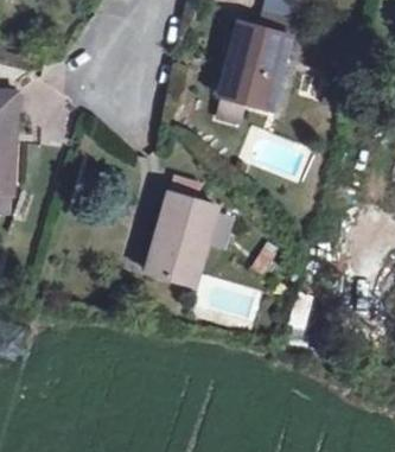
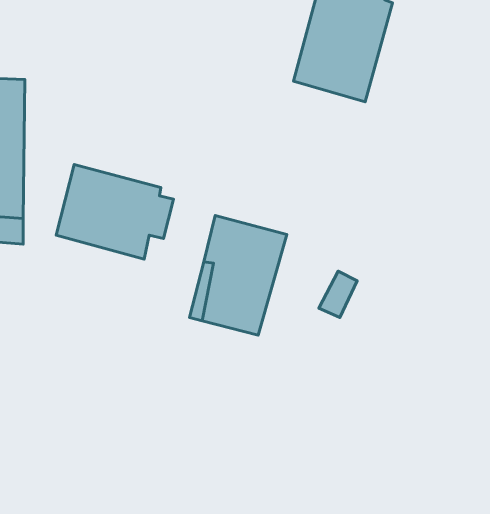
building: none -> [56,165,174,259]

